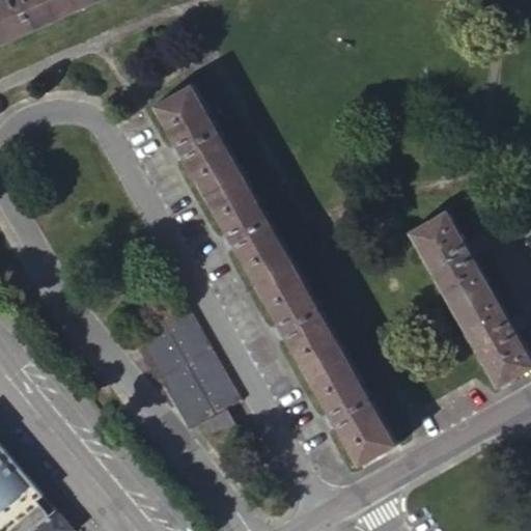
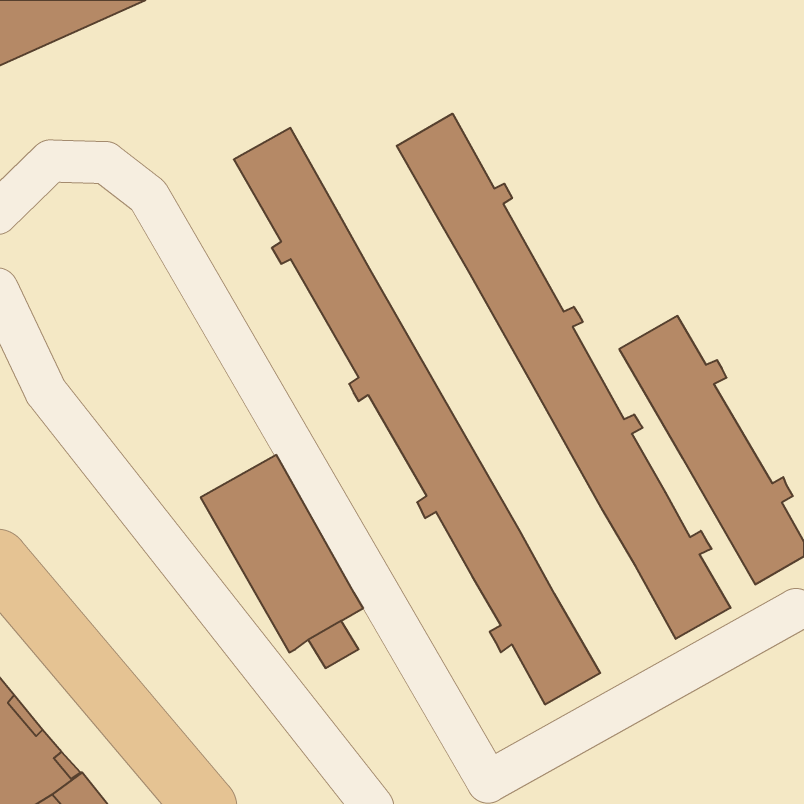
building: none -> [397,114,731,639]

